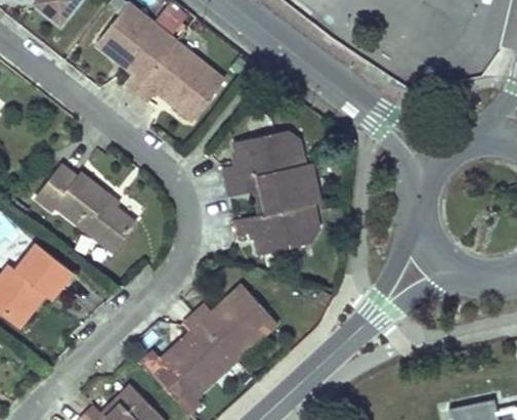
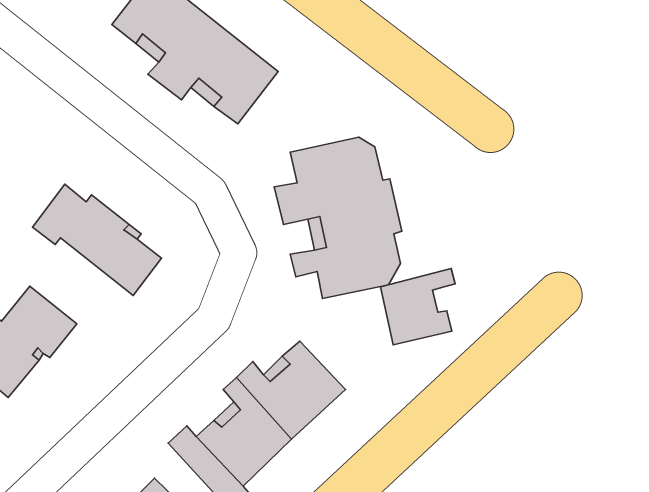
building: none -> [381,268,455,345]

